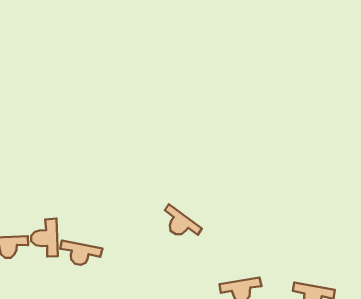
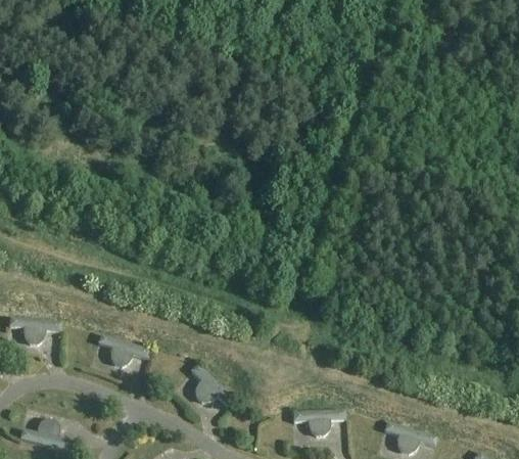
building: [165,204,202,235] -> [190,363,234,406]
building: [31,218,58,256] -> none

